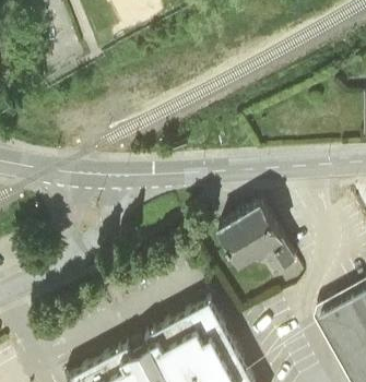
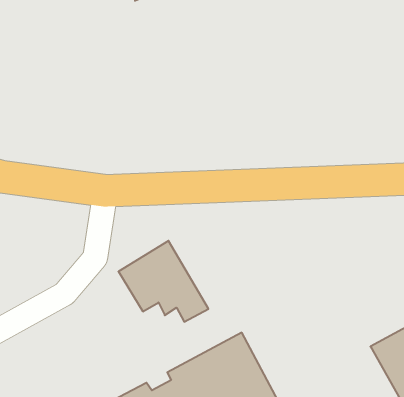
building: [219,202,295,271] -> [118,241,208,322]

